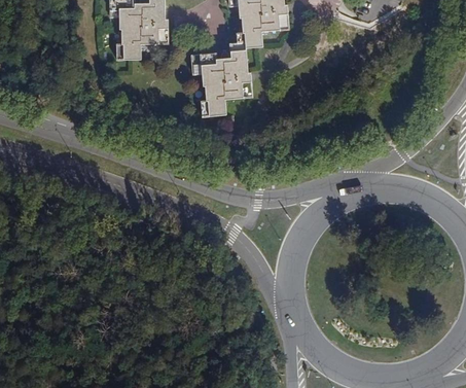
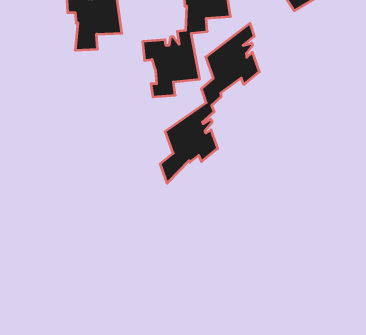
building: none -> [160,23,259,183]

